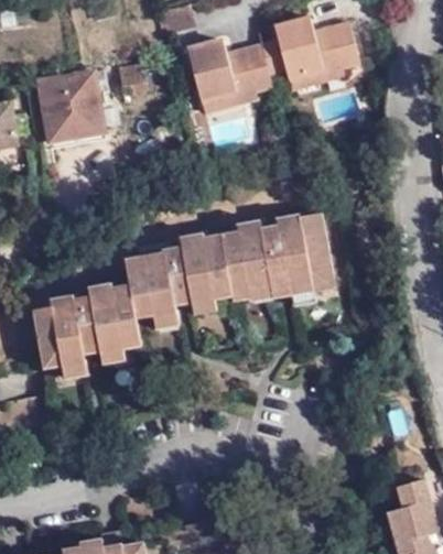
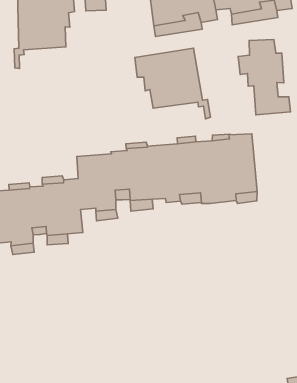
building: none -> [238,39,290,115]
building: none -> [135,48,210,119]

